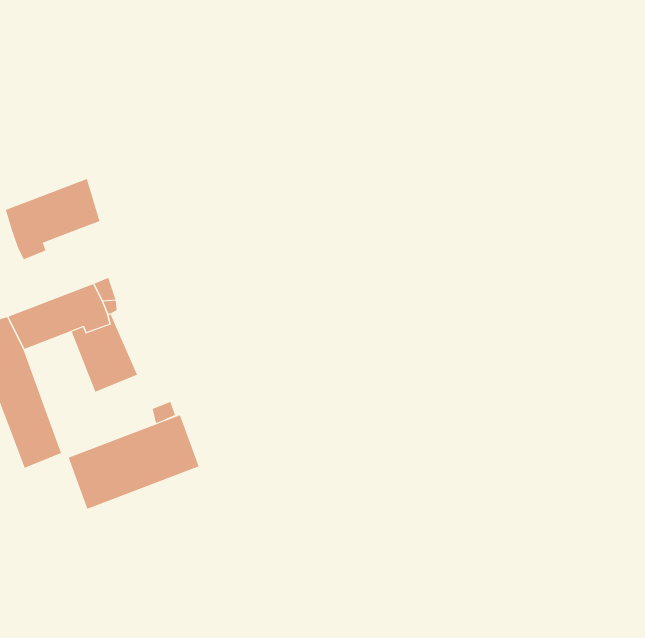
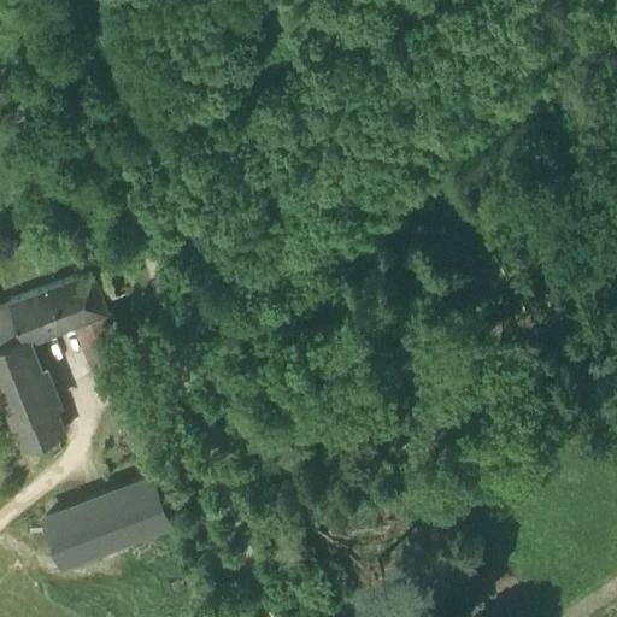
building: [5,178,100,260] -> none
building: [68,415,199,509] -> [45,478,170,569]

